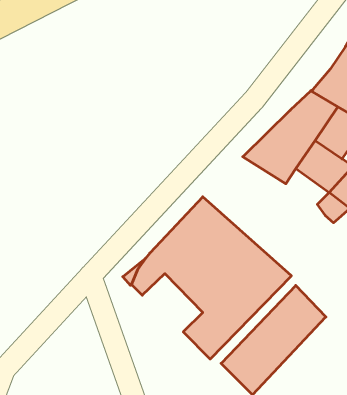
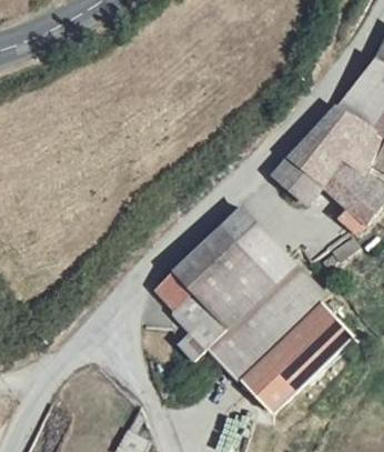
building: none -> [164,293,226,370]

